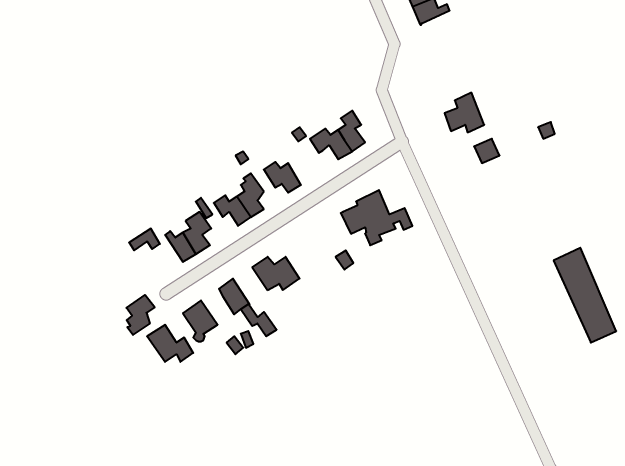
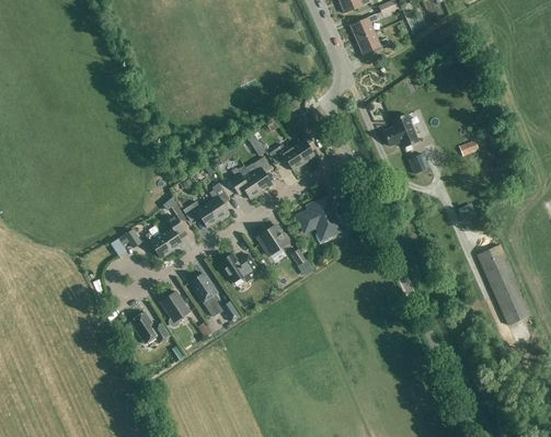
building: none -> [250,156,272,192]
building: none -> [257,223,288,254]
building: [126,295,155,335] -> none

